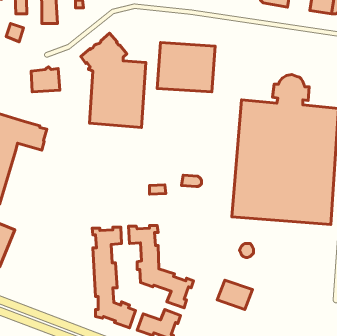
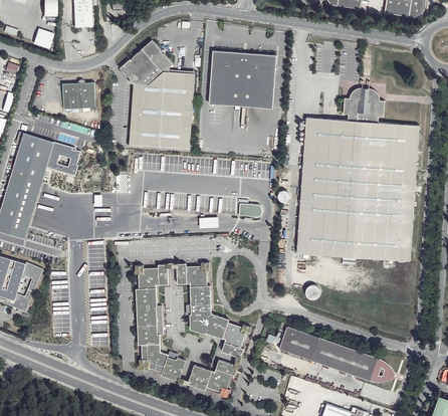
building: none -> [309,337,394,383]

